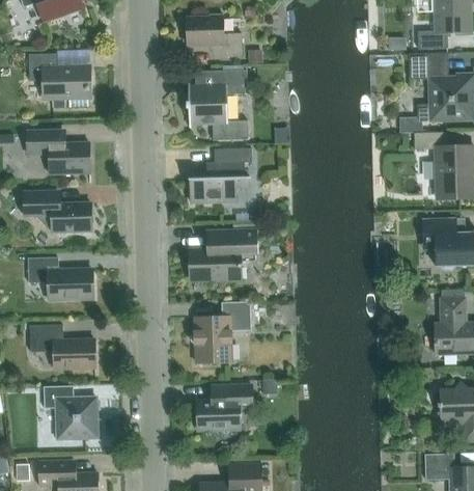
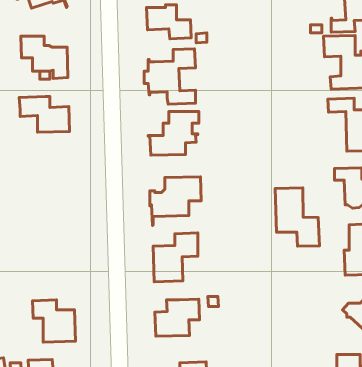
building: [23,191,91,239] -> none
building: none -> [275,188,320,246]
building: [27,257,93,299] -> none
building: [29,325,94,369] -> none

